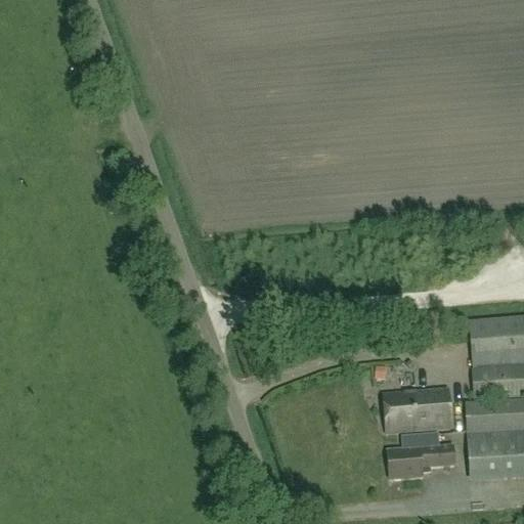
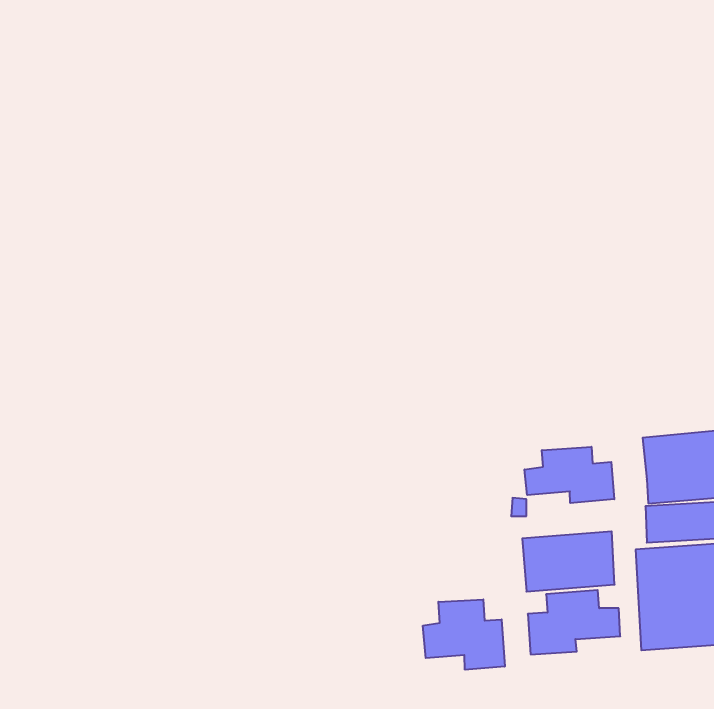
building: none -> [525,447,614,503]
building: none -> [423,599,505,670]

